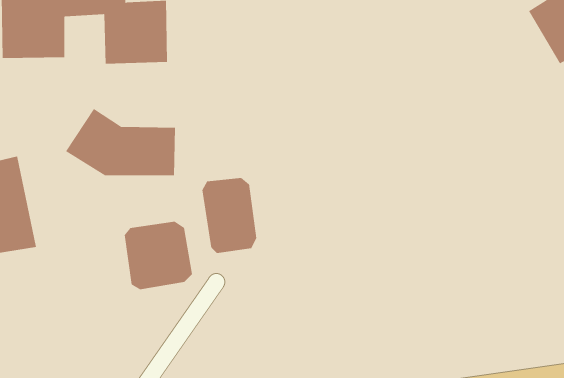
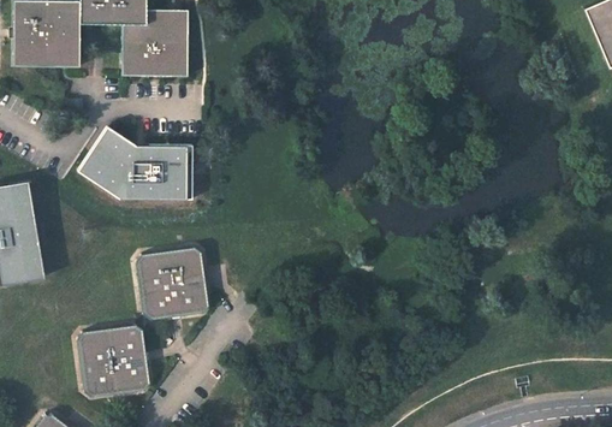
building: [202,177,257,254] -> none
building: none -> [81,324,155,398]

